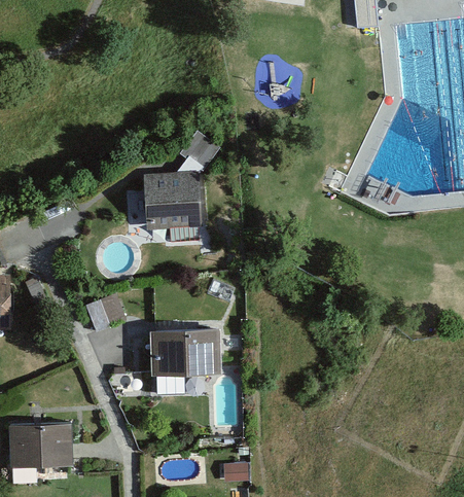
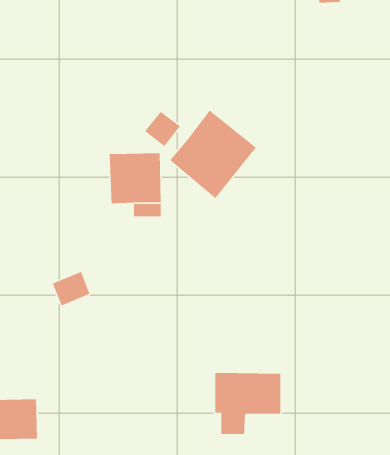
building: none -> [169,110,257,199]
building: [150,329,218,393] -> [214,372,281,435]

